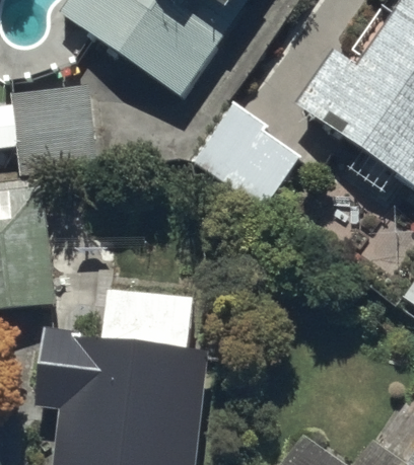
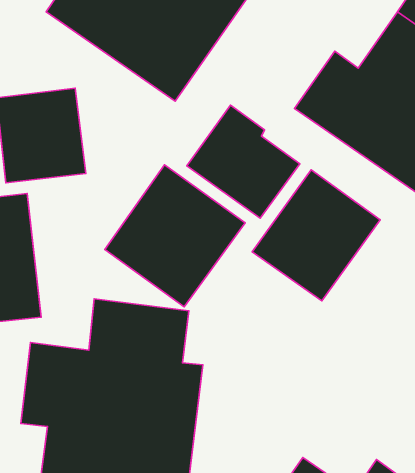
building: none -> [105,165,245,307]
building: none -> [252,170,380,301]

